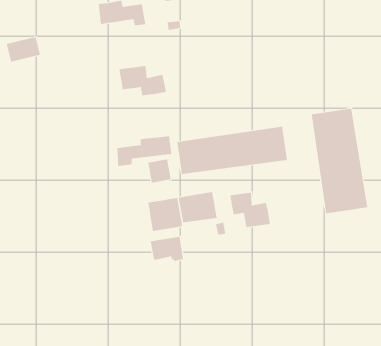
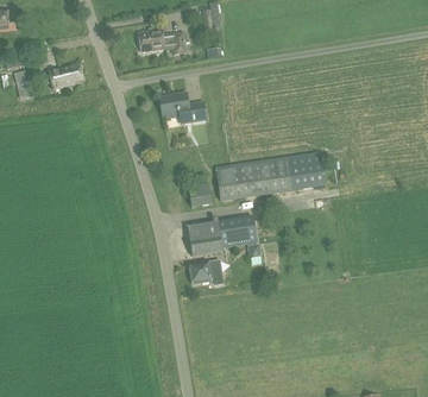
building: [311,108,368,214] -> none
building: [117,135,172,167] -> none
building: [230,192,271,228] -> none

